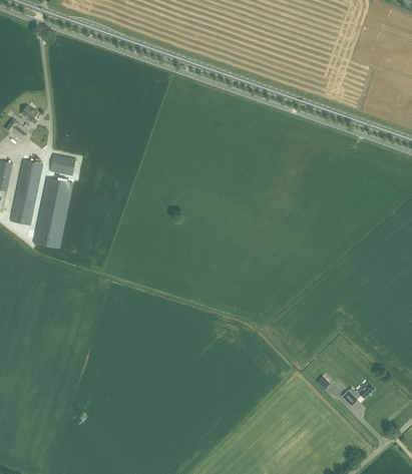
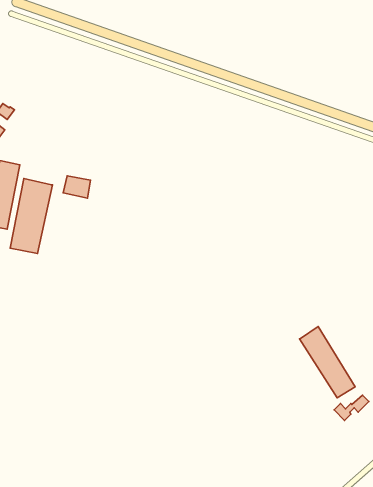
building: [49,153,75,174] -> [63,176,91,198]
building: none -> [300,326,355,398]

